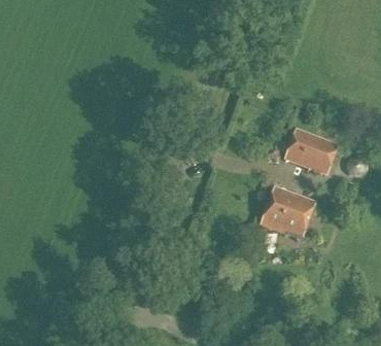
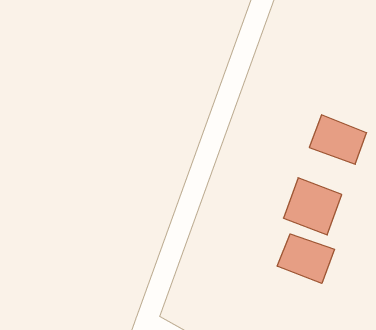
building: none -> [277,234,334,283]

